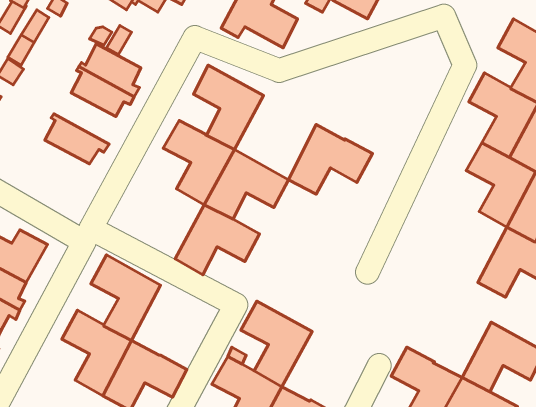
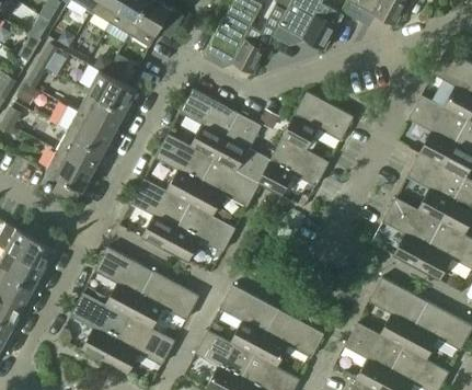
building: none -> [283,92,354,151]
building: none -> [58,106,116,154]
building: none -> [215,114,272,184]
building: none -> [46,151,94,203]
building: none -> [131,180,189,250]
building: none -> [383,198,441,269]
building: none -> [129,272,199,330]
building: none -> [370,278,428,348]
building: none -> [254,310,324,368]

